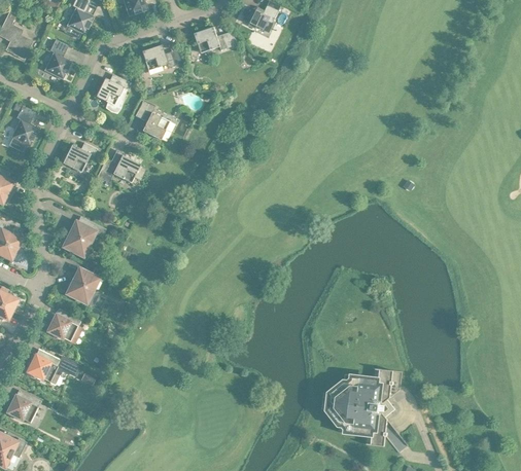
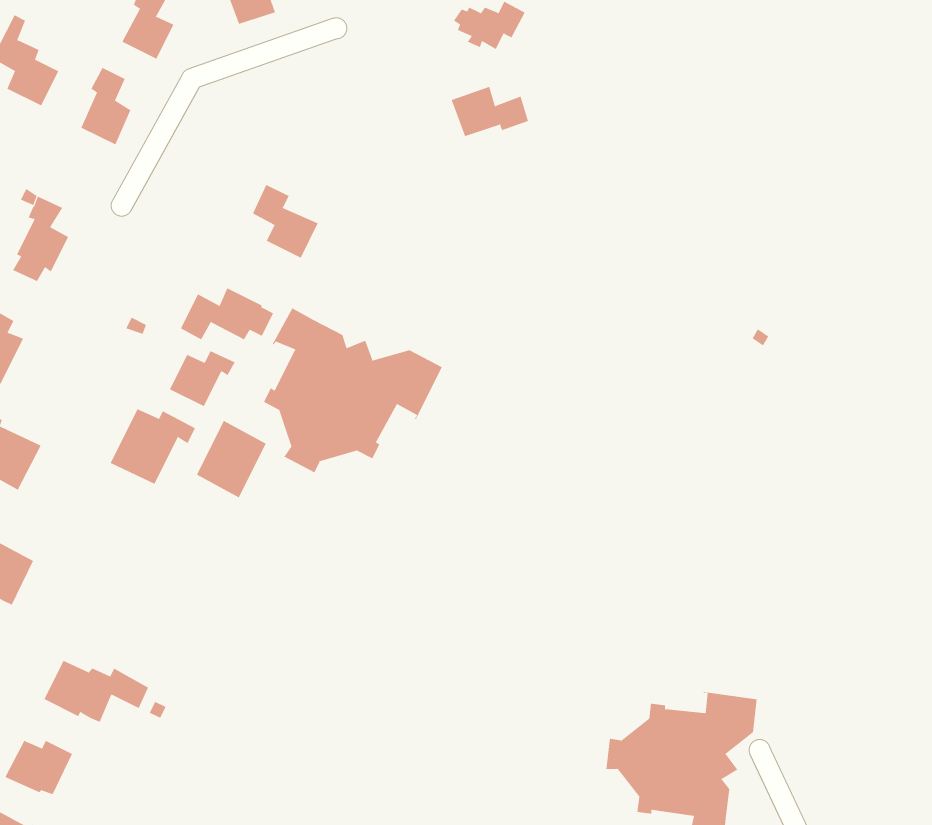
building: [194,27,235,53] -> [451,86,529,137]
building: [141,45,175,71] -> none
building: [96,74,130,113] -> none
building: [62,143,97,173] -> [169,350,236,407]
building: none -> [263,307,442,473]
building: [64,265,101,306] -> [196,420,266,498]
building: [45,313,80,342] -> none

